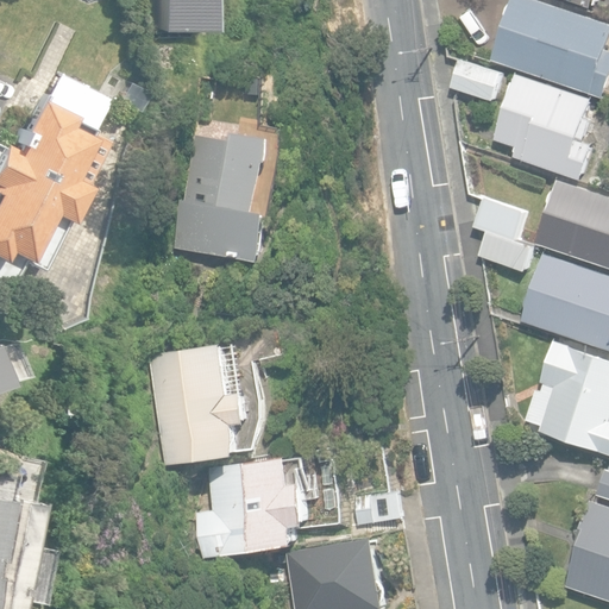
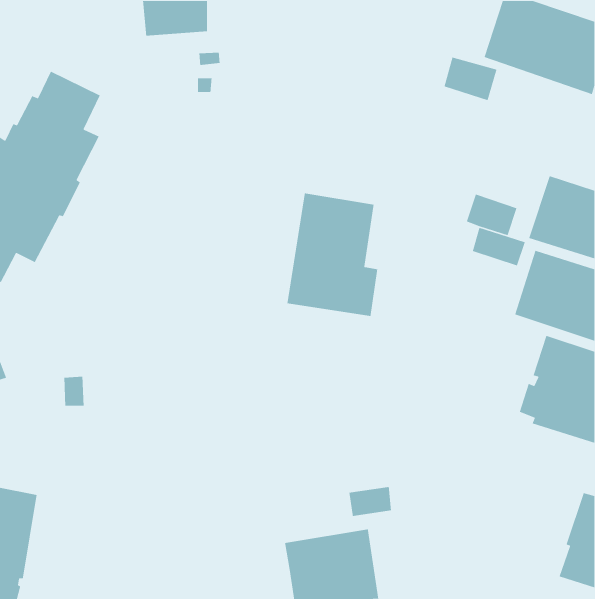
building: [495,75,592,180] -> none
building: [175,134,268,260] -> [287,192,378,317]
building: [149,344,250,466] -> none
building: [197,454,312,558] -> none

